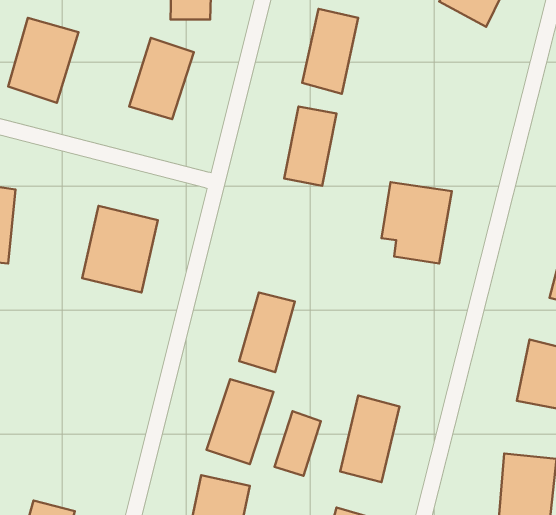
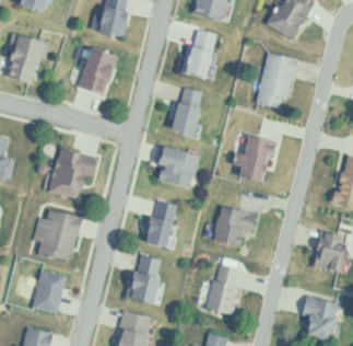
building: none -> [258,53,296,109]
building: none -> [156,148,201,189]
building: none -> [213,206,258,249]
building: none -> [25,208,72,261]
building: none -> [24,269,60,313]
building: [274,411,321,476] -> none

